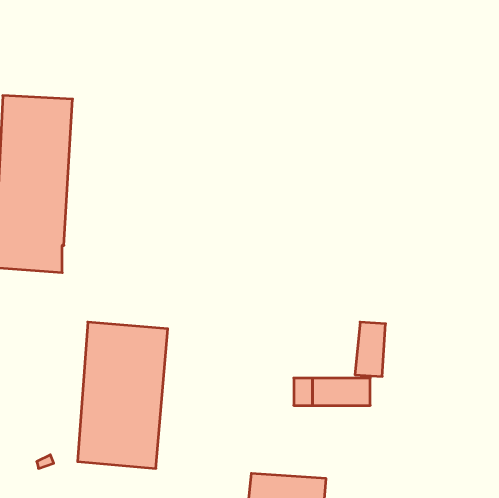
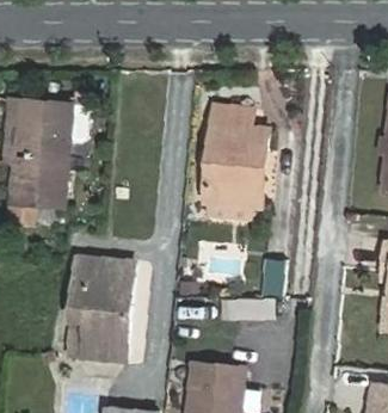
building: none -> [202,105,266,217]

